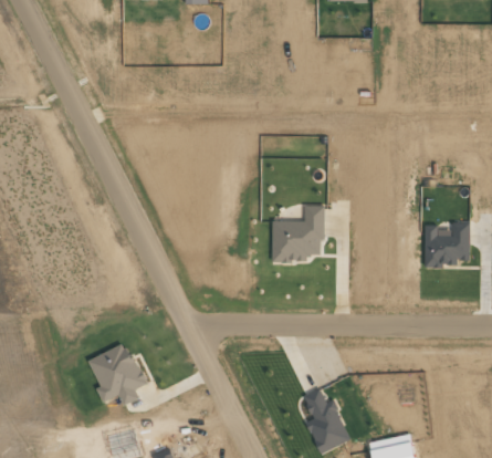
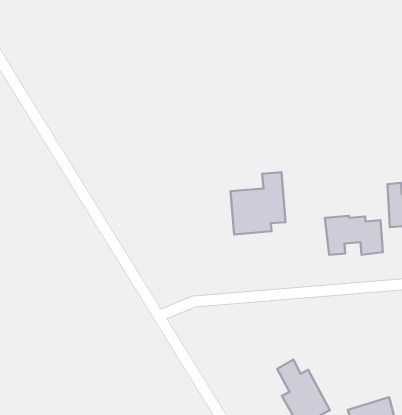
building: none -> [325,216,383,255]
building: [87,342,145,405] -> none

